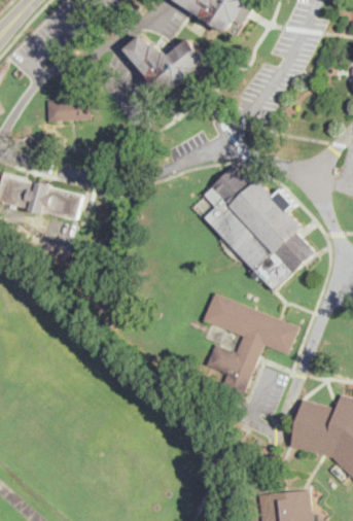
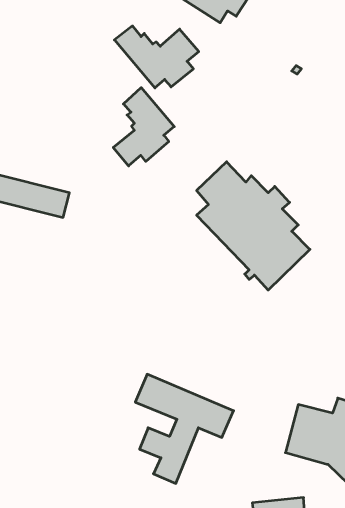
building: none -> [113,88,174,166]
building: [46,98,90,121] -> none
building: [202,292,296,397] -> [135,374,234,483]

